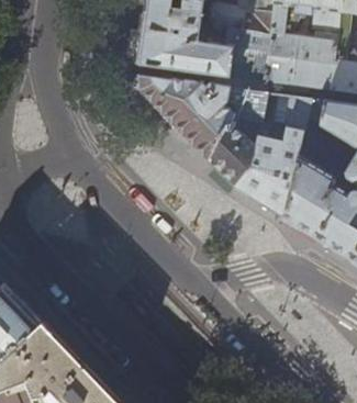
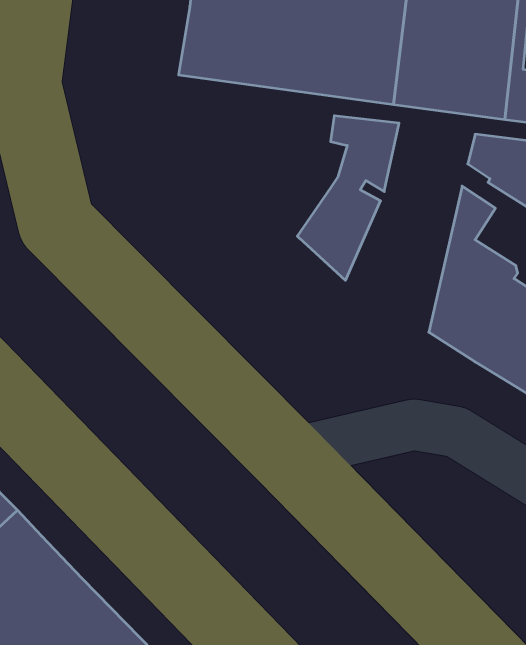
building: [137,75,235,159] -> none
building: [234,92,311,216] -> none

